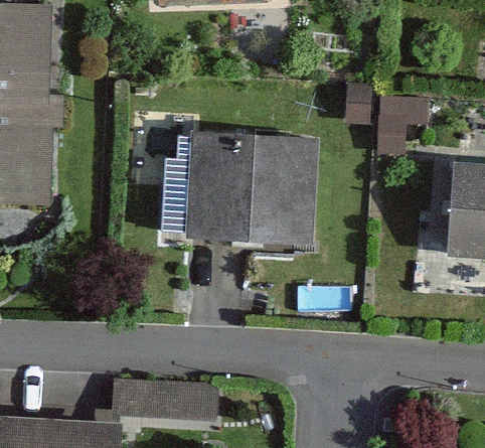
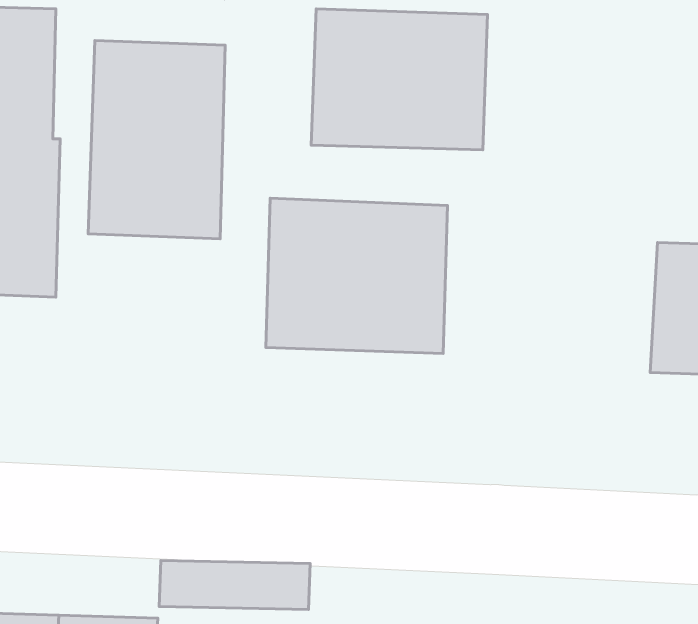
building: none -> [311,9,488,150]
building: none -> [88,40,225,239]

